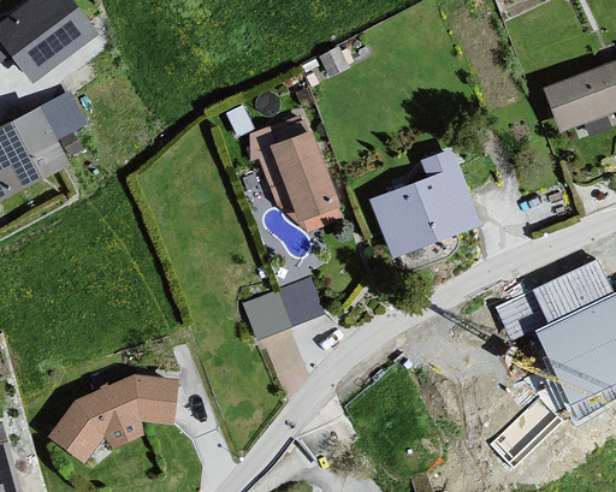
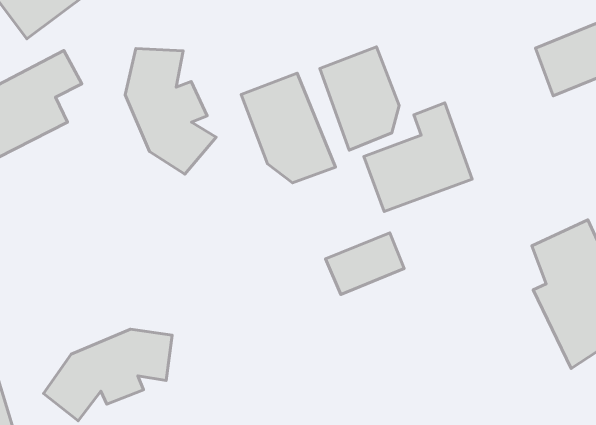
building: none -> [320,47,399,150]
building: none -> [125,49,216,174]
building: [239,279,319,342] -> [325,233,404,295]

